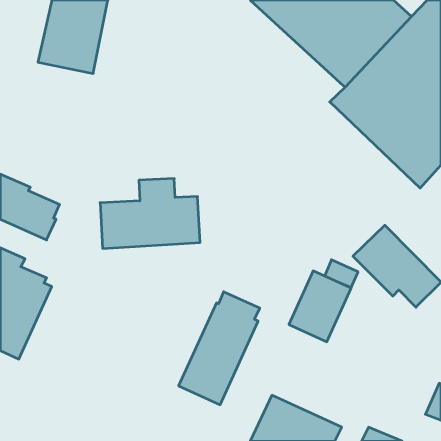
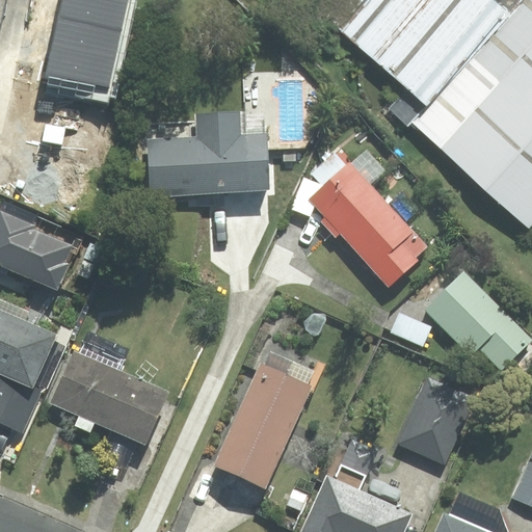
building: none -> [310,150,426,287]
building: [100,179,200,248] -> [150,112,270,196]
building: [289,271,351,342] -> [399,379,474,464]
building: none -> [51,341,167,444]

